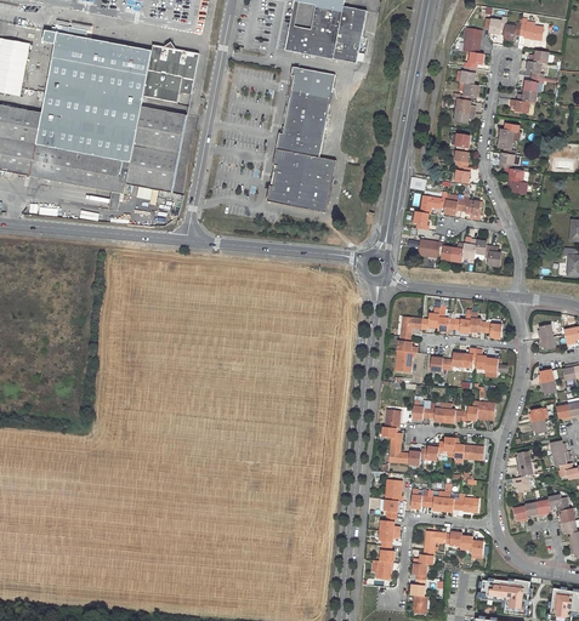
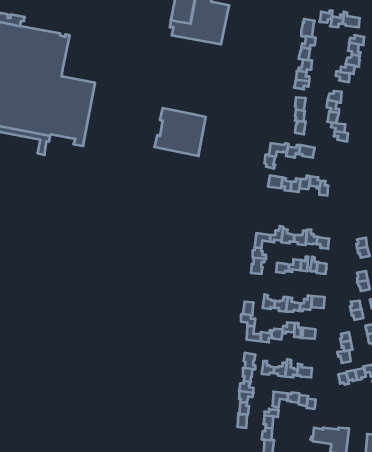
building: [142,44,198,102] -> none
building: [277,65,335,156] -> none

